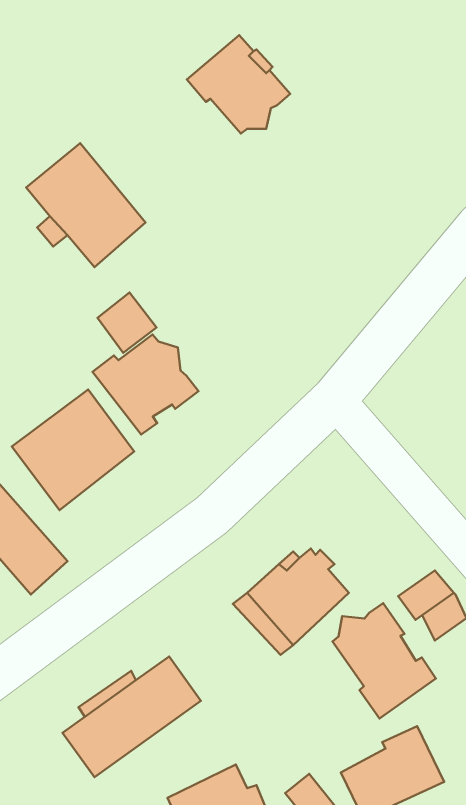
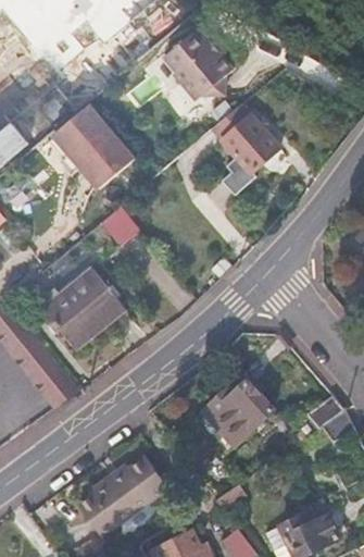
building: none -> [212,103,278,196]
building: [92,334,198,435] -> none
building: [332,603,436,718] -> none

